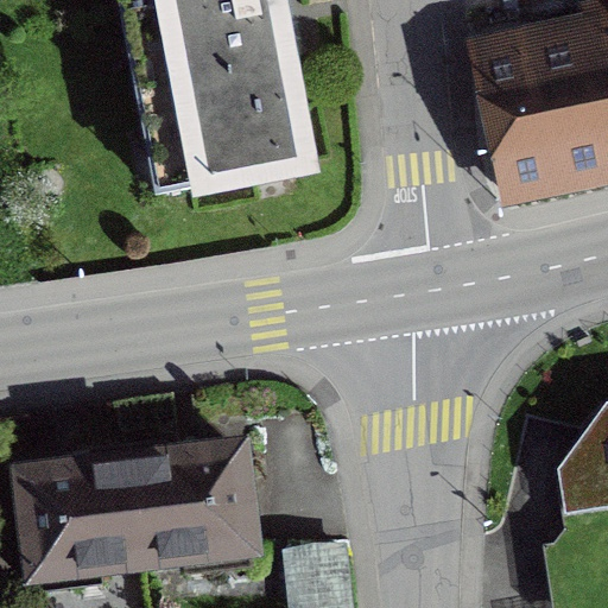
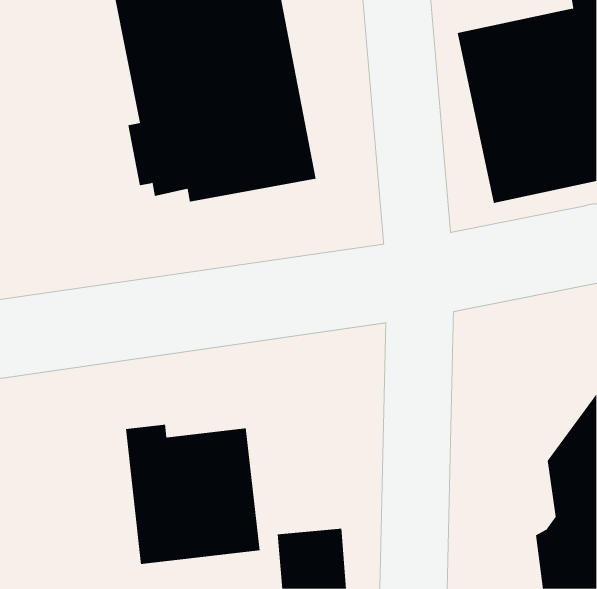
building: [8,436,142,587] -> none

